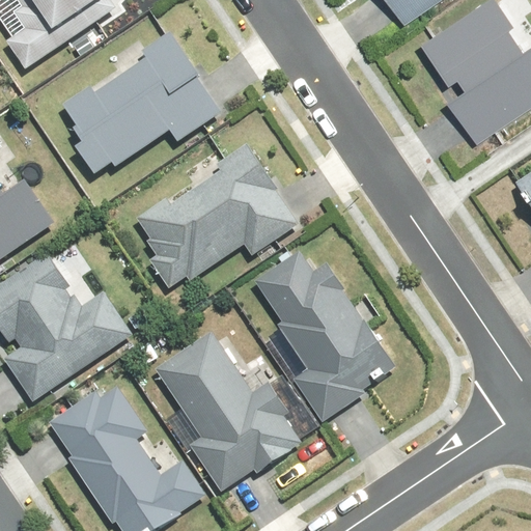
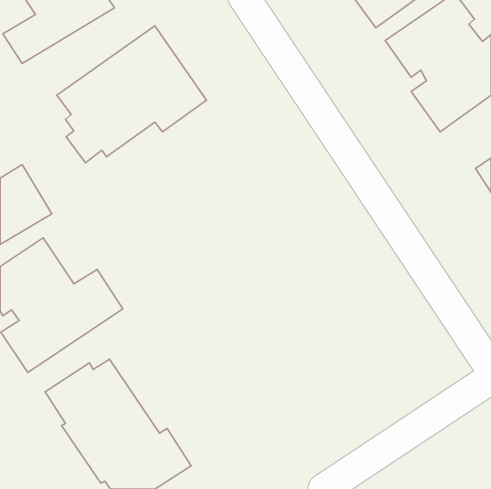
building: [136,145,302,290] -> none
building: [252,250,392,420] -> none
building: [157,333,304,487] -> none

